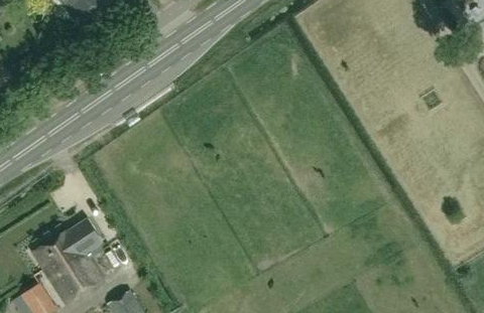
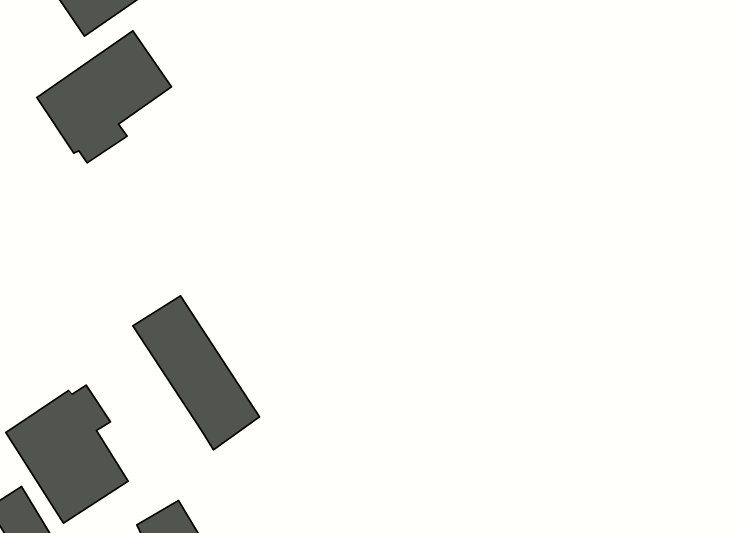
building: none -> [37,31,171,163]
building: none -> [133,296,260,450]

